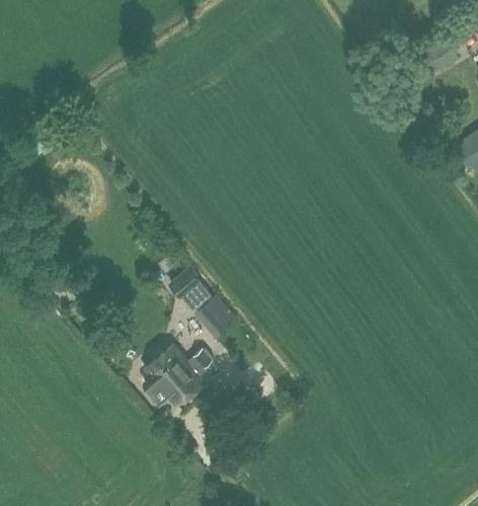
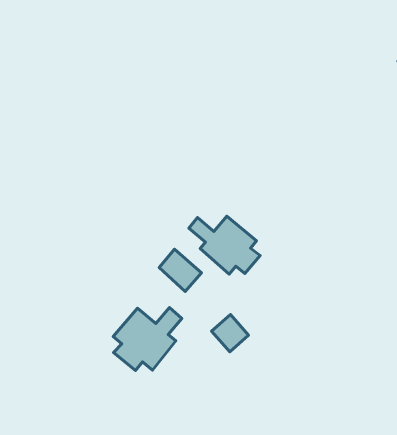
building: none -> [189,216,260,274]
building: [170,268,212,311] -> none

